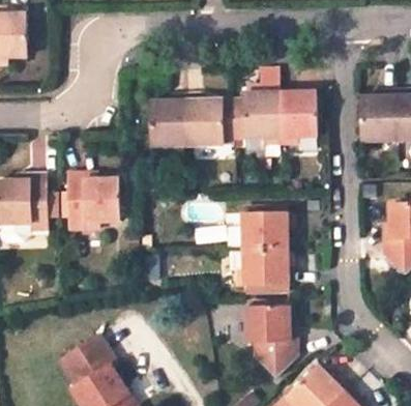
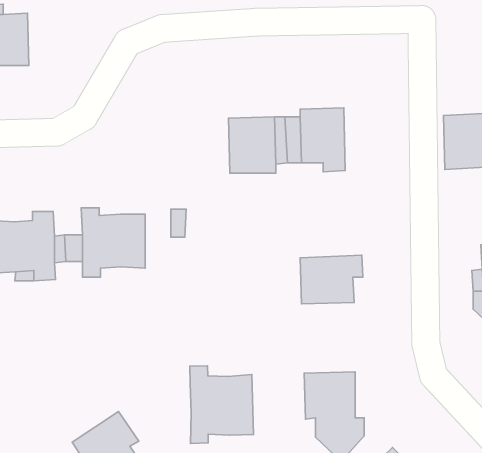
building: [280,91,319,142] -> none
building: [151,99,187,145] -> none
building: [245,249,289,284] -> none
building: none -> [190,366,254,443]

